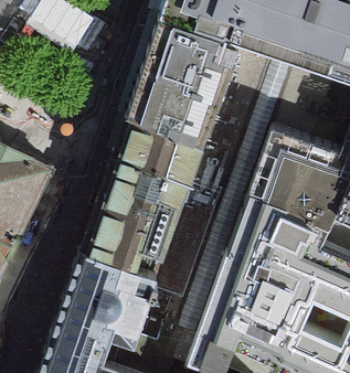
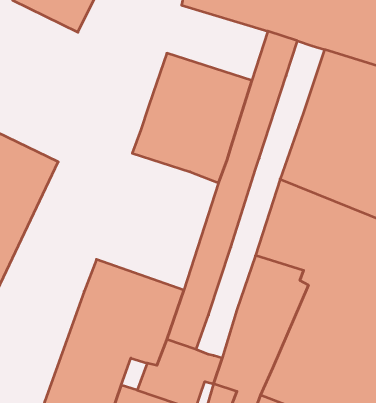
building: [152,14,243,82] -> none
building: [89,147,199,269] -> none

